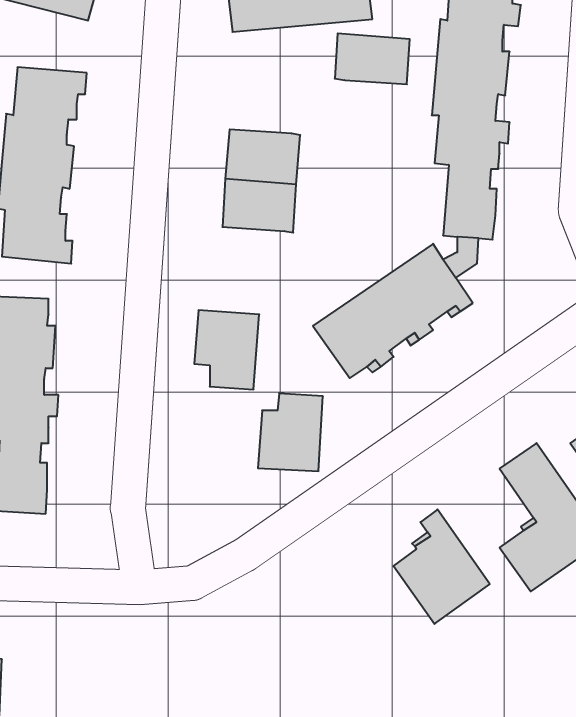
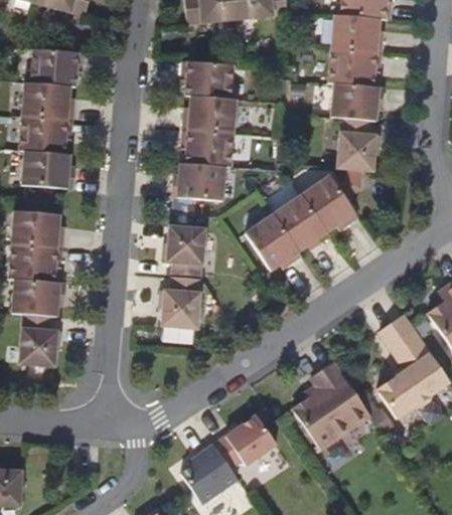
building: [335,33,410,84] -> [178,59,232,96]
building: none -> [173,161,224,200]
building: [258,393,323,471] -> [156,276,202,331]
building: none -> [179,415,276,504]

